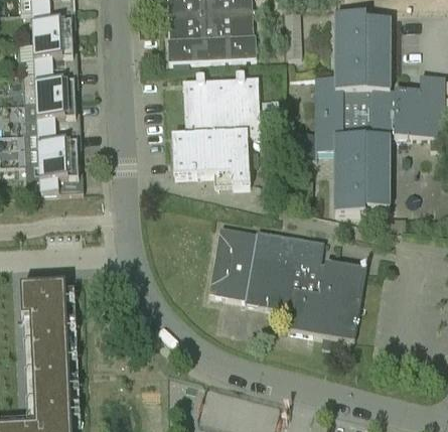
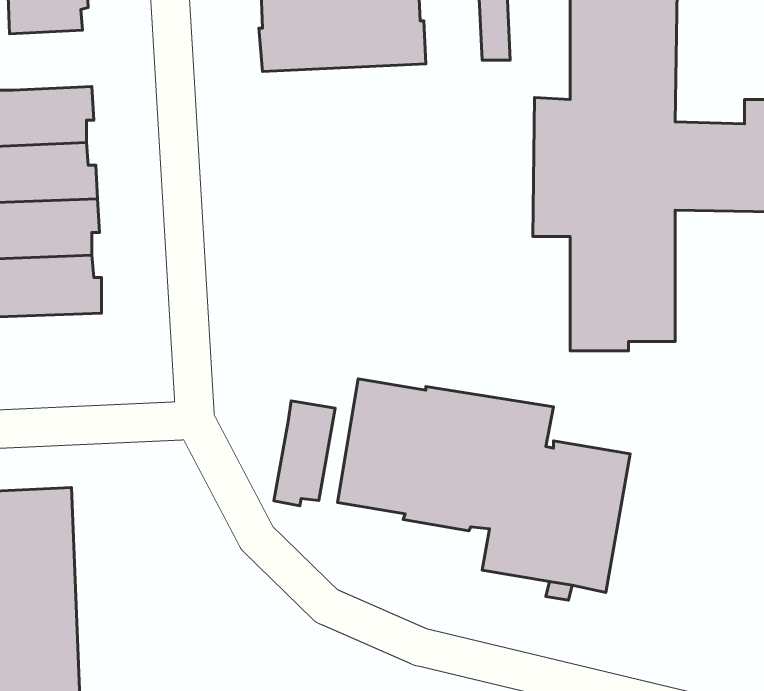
building: [32,38,77,70] -> none
building: [171,75,259,186] -> none
building: none -> [274,401,335,506]

